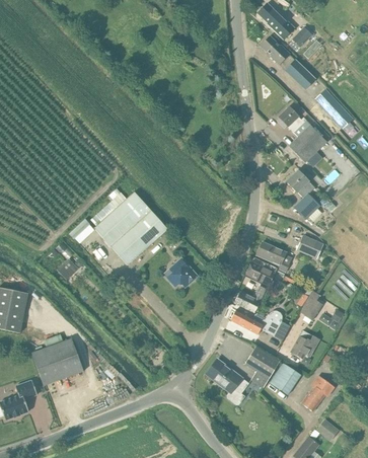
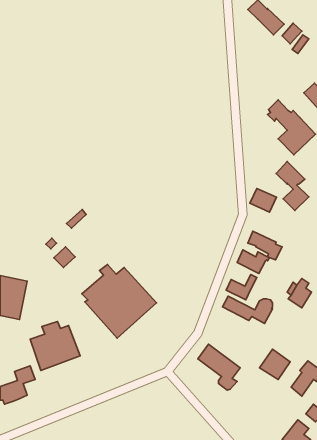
building: [260,34,315,89] -> none
building: [90,188,167,264] -> [82,265,156,338]
building: [296,235,323,259] -> [250,188,276,212]
building: [168,259,195,285] -> none
building: [290,329,319,358] -> none
building: [244,346,280,387] -> none

